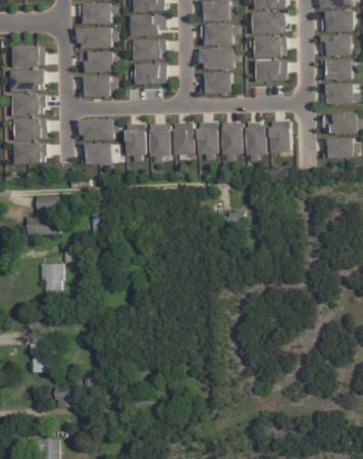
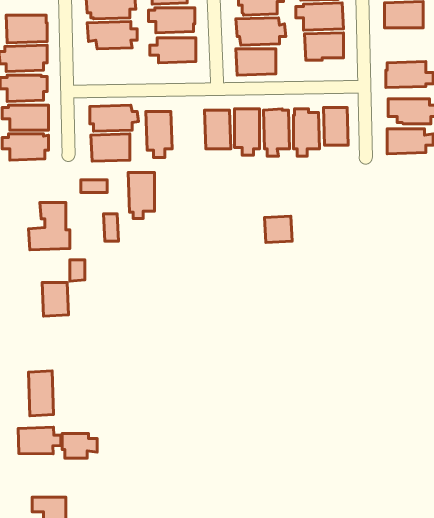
building: [319,58,352,80] -> none
building: [77,75,115,96] -> none
building: [148,123,169,161] -> [128,172,154,219]
building: none -> [18,427,61,454]

